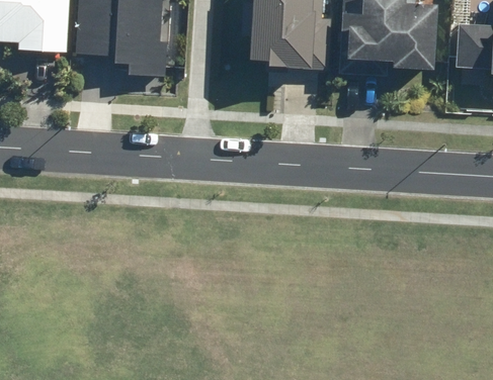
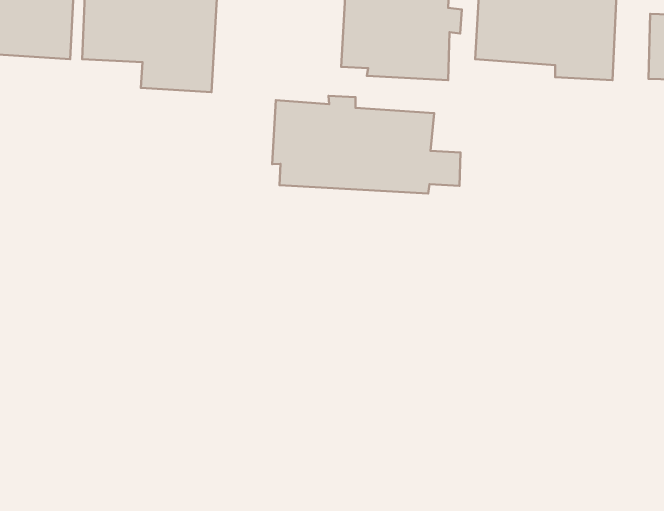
building: none -> [272,96,461,194]

